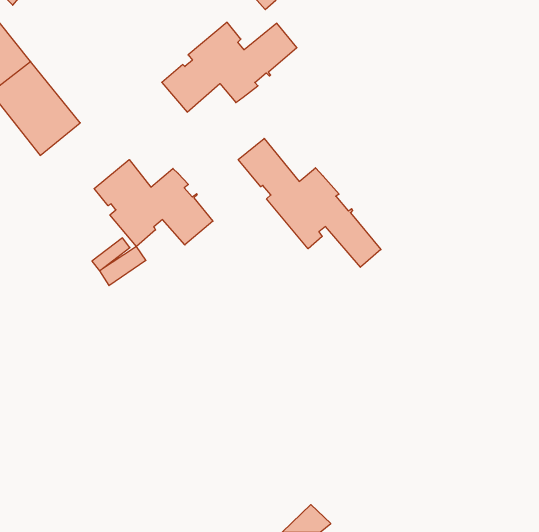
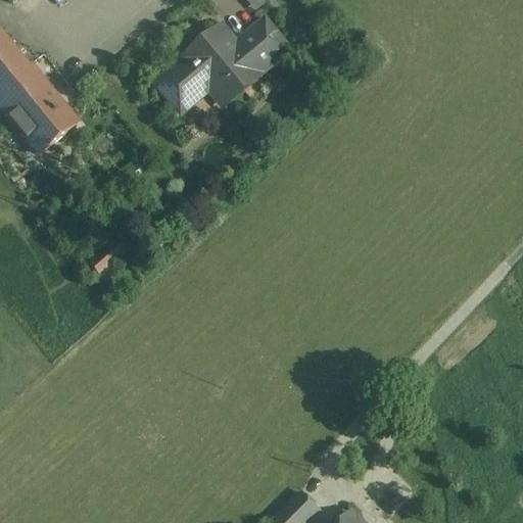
building: [238,138,381,267] -> none
building: [94,160,213,246] -> none

